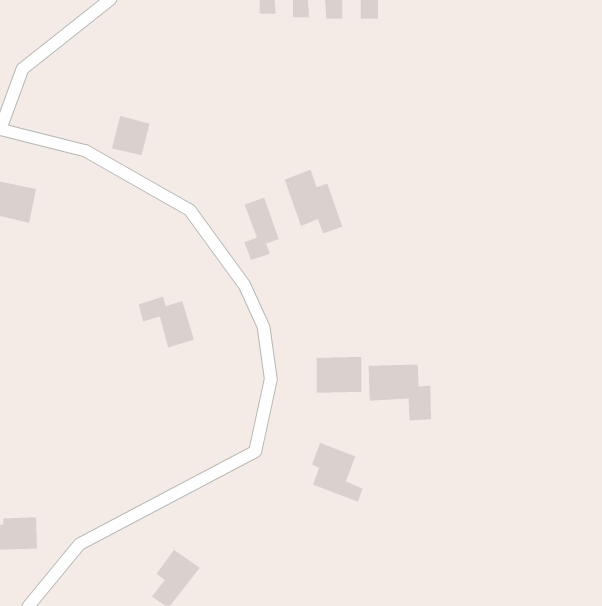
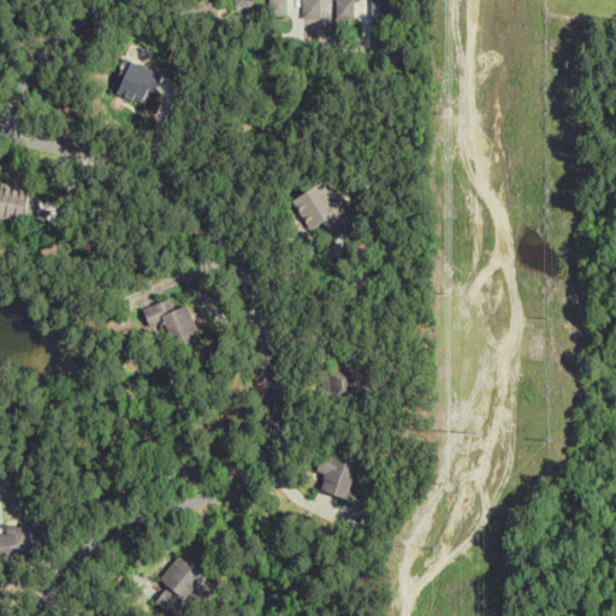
building: [111,115,150,156] -> [117,63,156,103]
building: [244,197,279,261] -> none
building: [368,364,431,421] -> none

